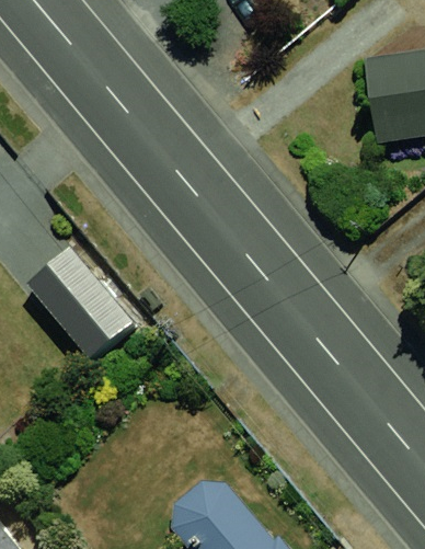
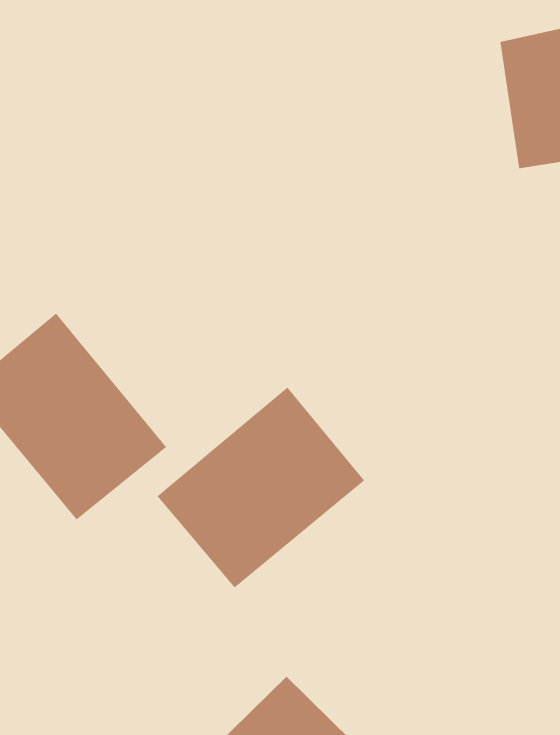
building: none -> [157,387,365,588]

